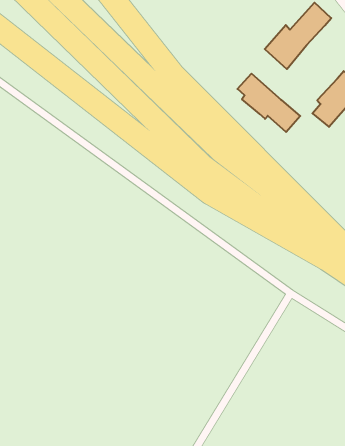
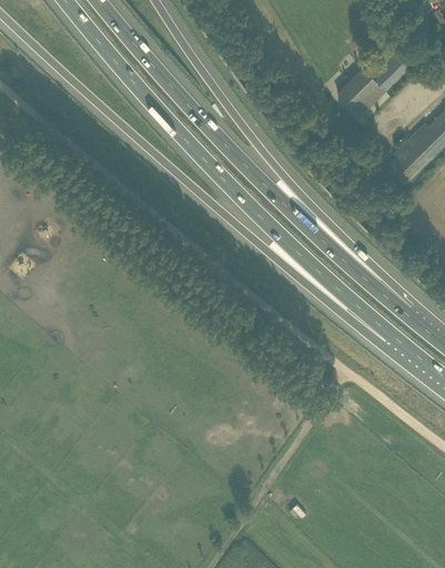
building: [237,74,300,132] -> none

